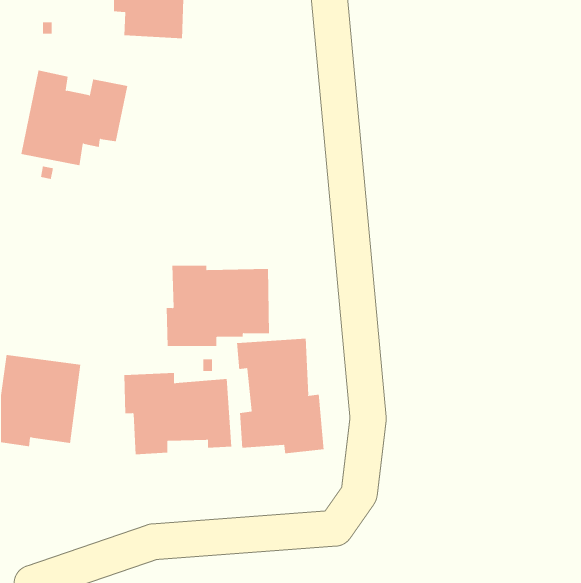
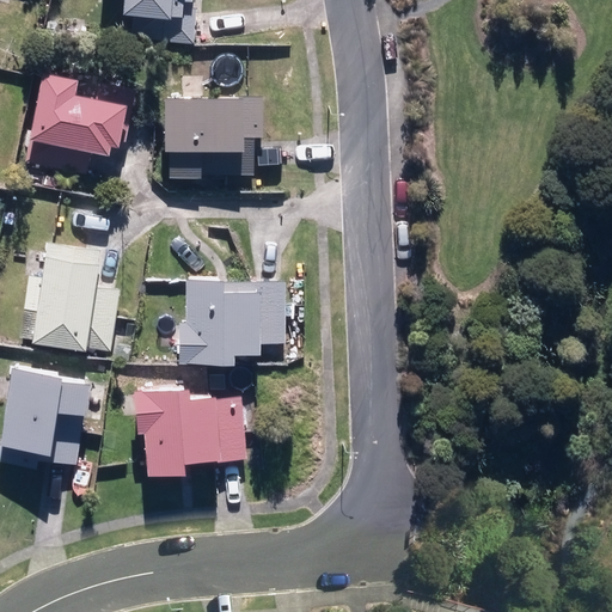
building: none -> [166,99,255,177]
building: none -> [19,241,120,351]
building: [236,338,324,454] -> none

